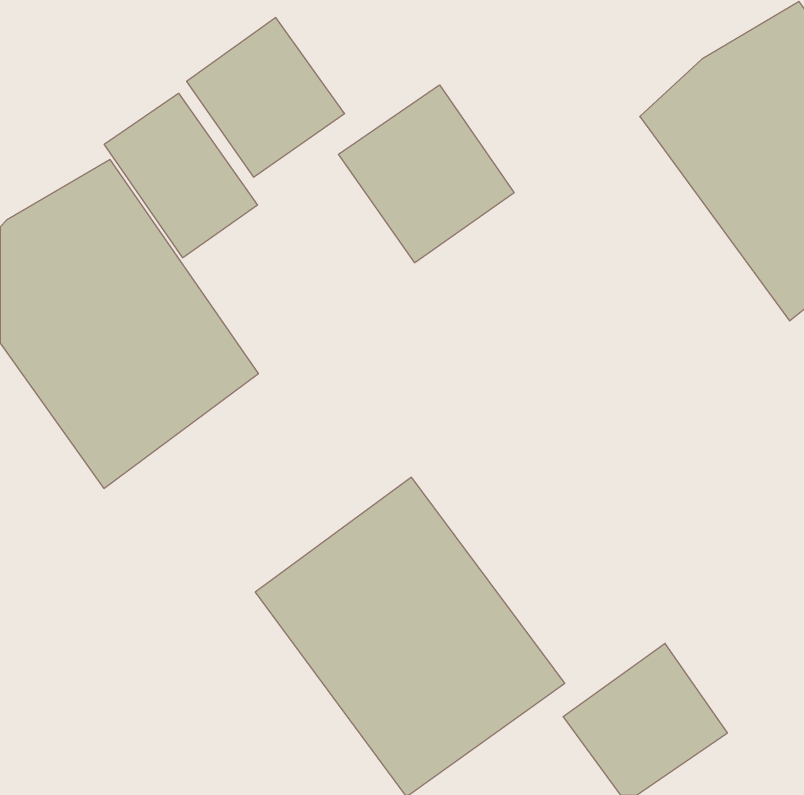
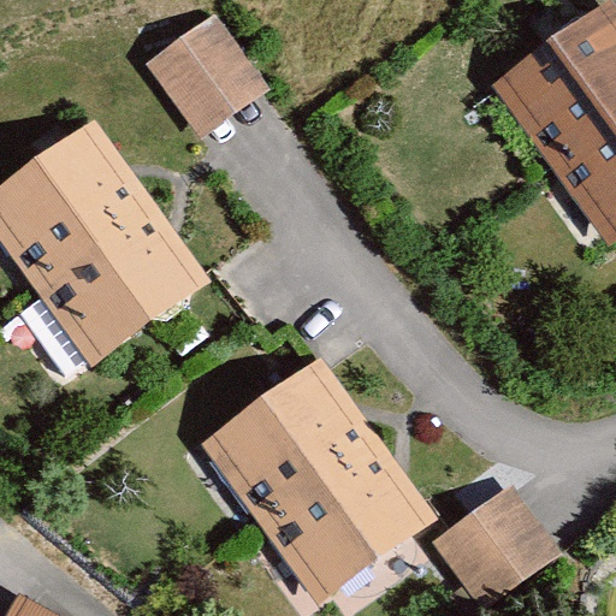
building: [339,85,514,263] -> none
building: [104,93,257,258] -> none

